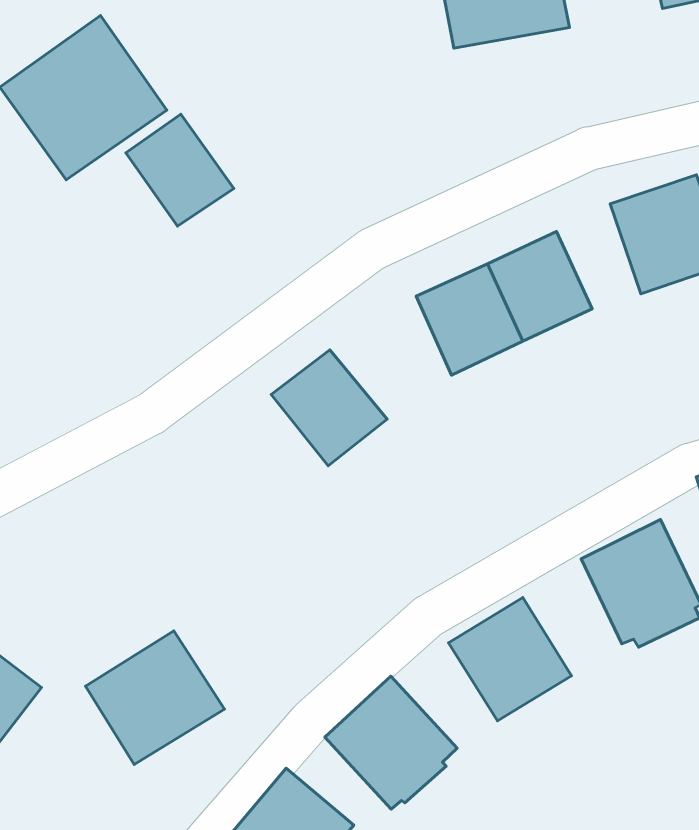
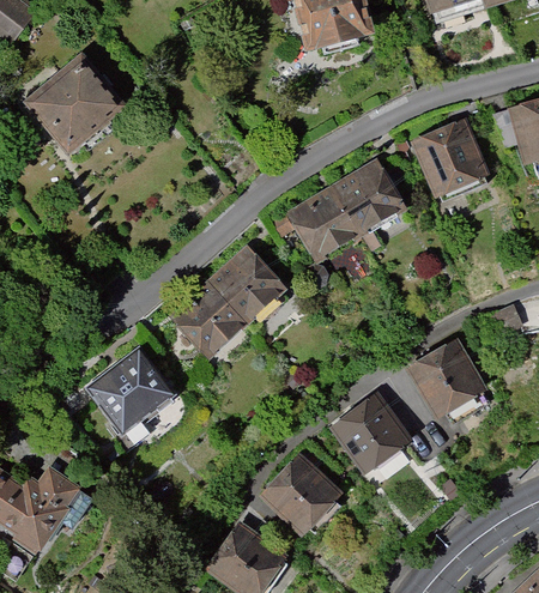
building: [126,114,234,226] -> none
building: none -> [170,282,247,358]
building: [85,631,224,764] -> [80,340,169,426]

